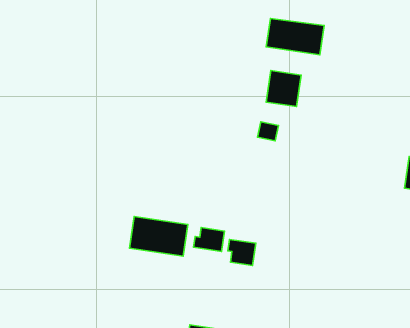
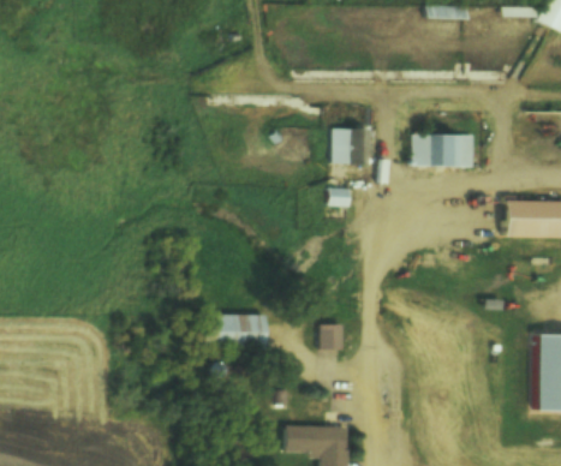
building: [266,19,324,55] -> [414,133,476,167]
building: [194,228,225,251] -> none

